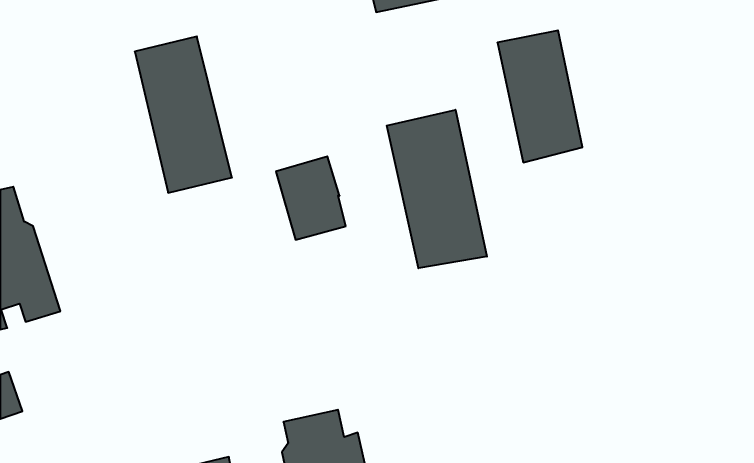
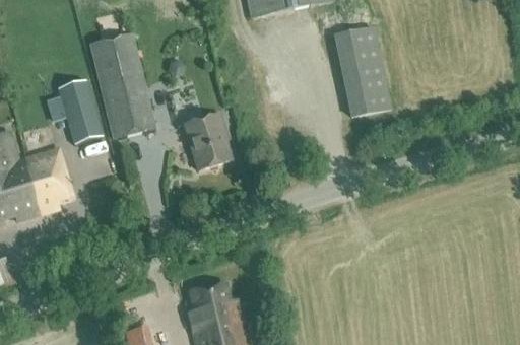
building: none -> [57,80,102,144]
building: [387,110,487,268] -> none
building: none -> [22,147,76,216]

